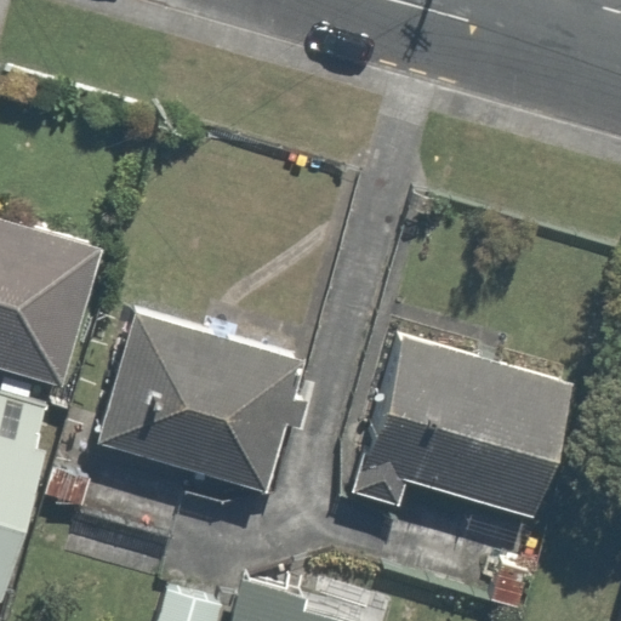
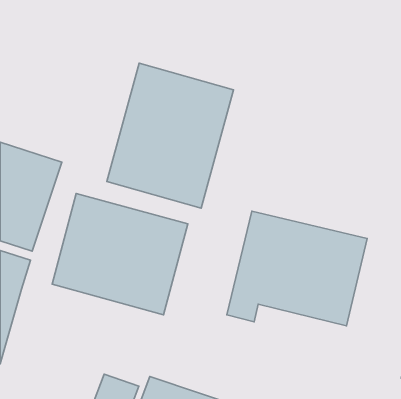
building: none -> [107,63,234,208]

